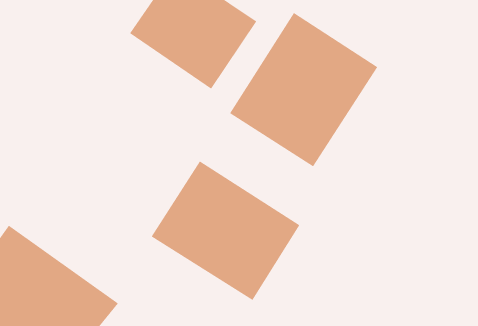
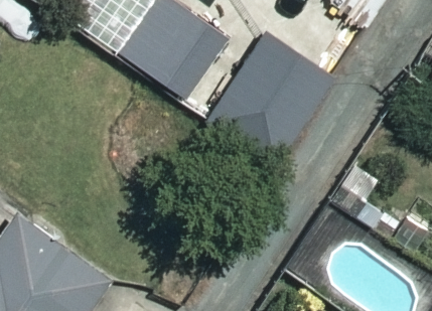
building: [151,160,300,301] -> none

